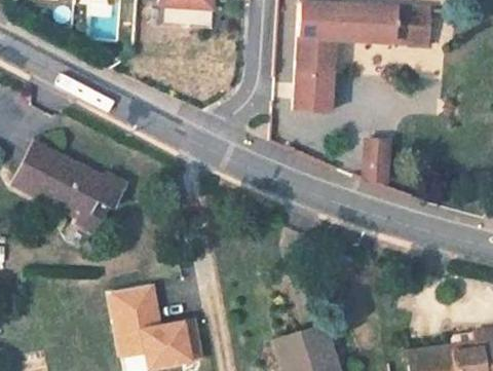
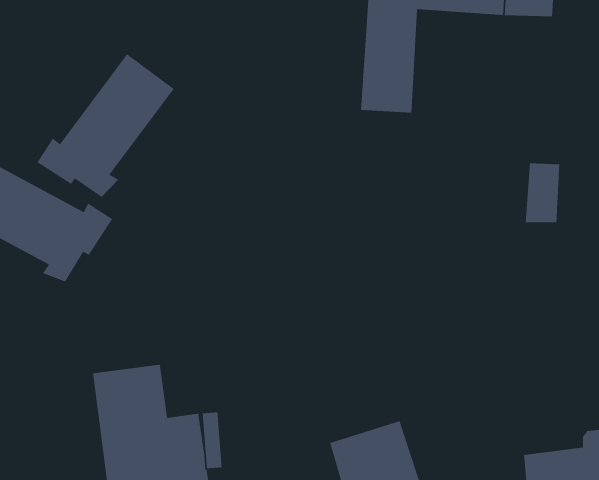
building: none -> [37,53,175,198]
building: [365,140,389,182] -> [525,162,560,223]

